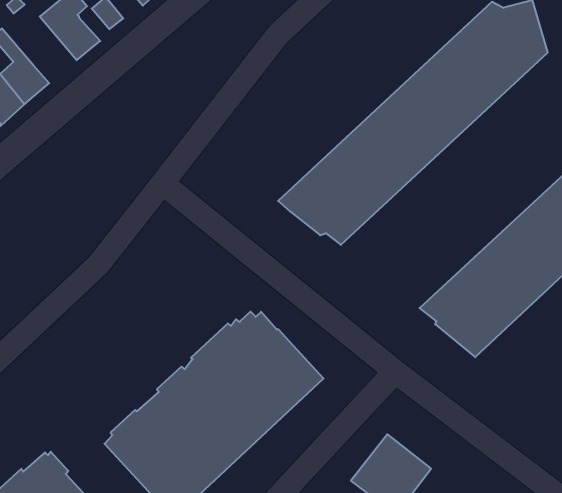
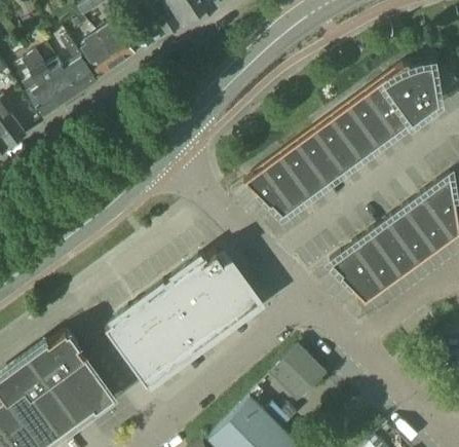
building: none -> [82,36,118,80]

